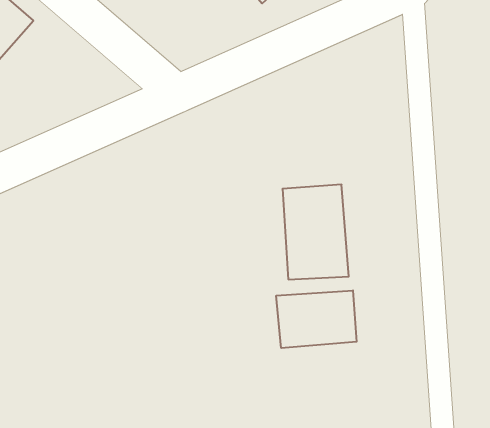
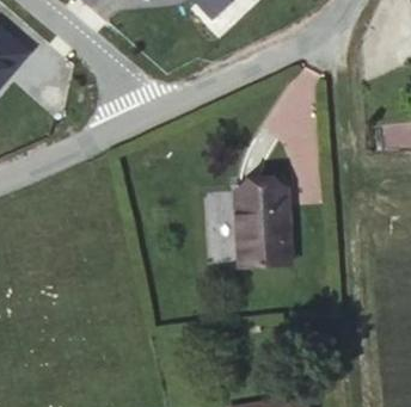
building: [276,290,357,348] -> none

